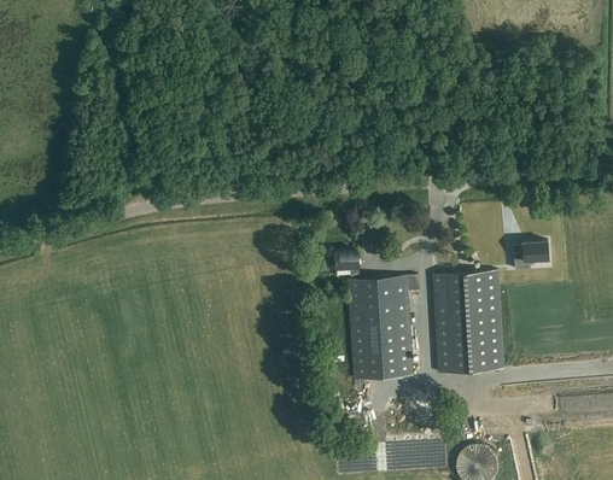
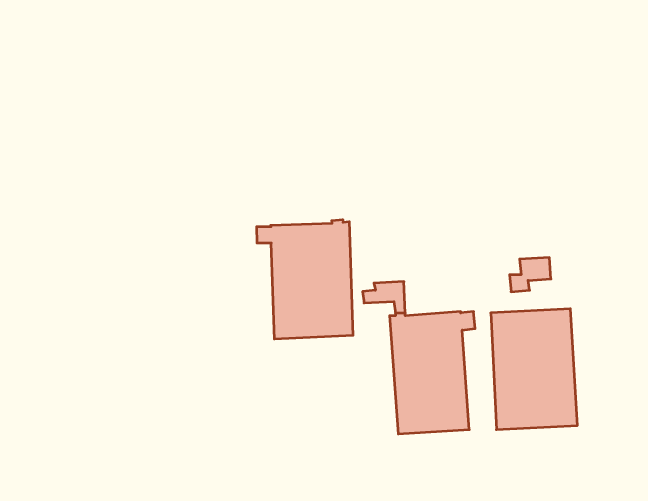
building: none -> [257,220,353,339]
building: [514,239,549,268] -> [510,258,551,292]

